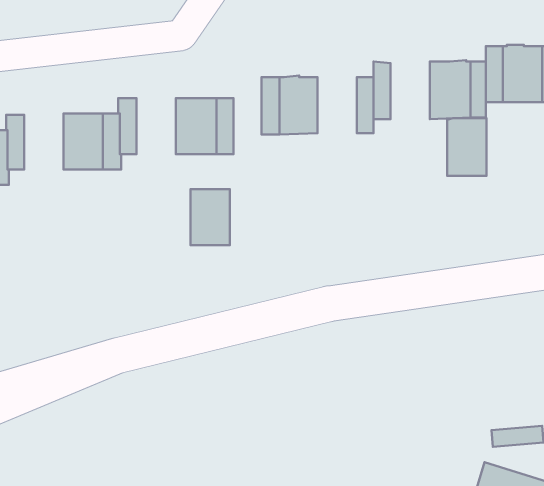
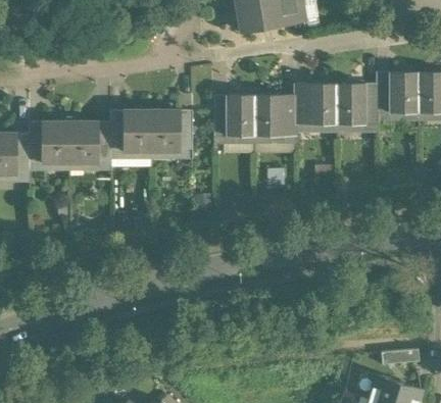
building: none -> [255,94,284,136]
building: none -> [42,121,70,162]
building: [447,118,486,176] -> [308,84,337,125]
building: [191,189,230,245] -> [124,110,152,151]

